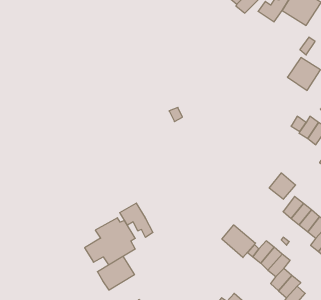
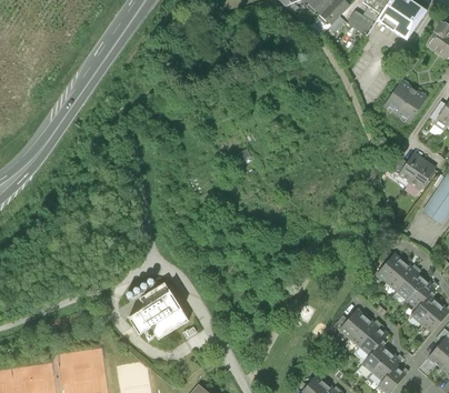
building: [269,173,296,199] -> none
building: [120,203,153,237] -> none
building: [222,225,256,258] -> none
building: [97,256,134,290] -> none

